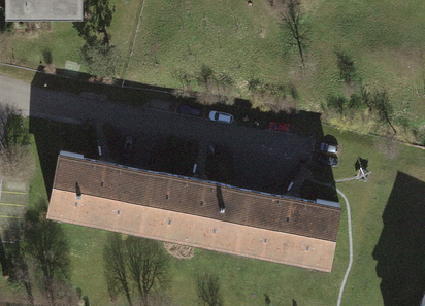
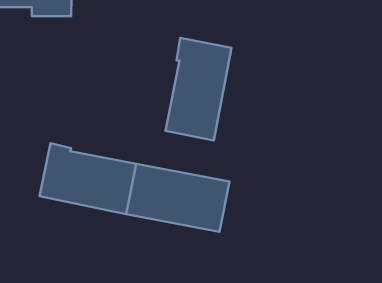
building: none -> [166,38,231,141]
building: [238,192,341,262] -> none

